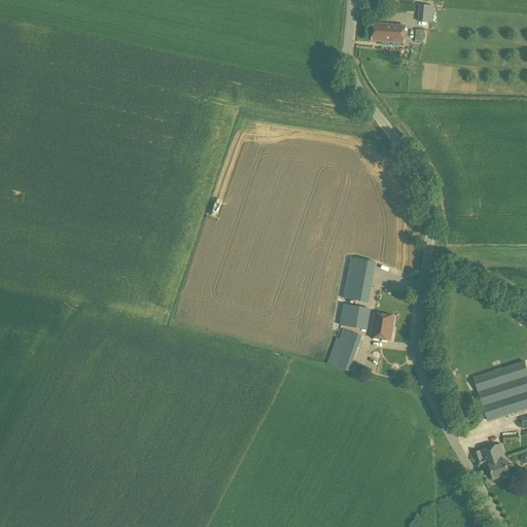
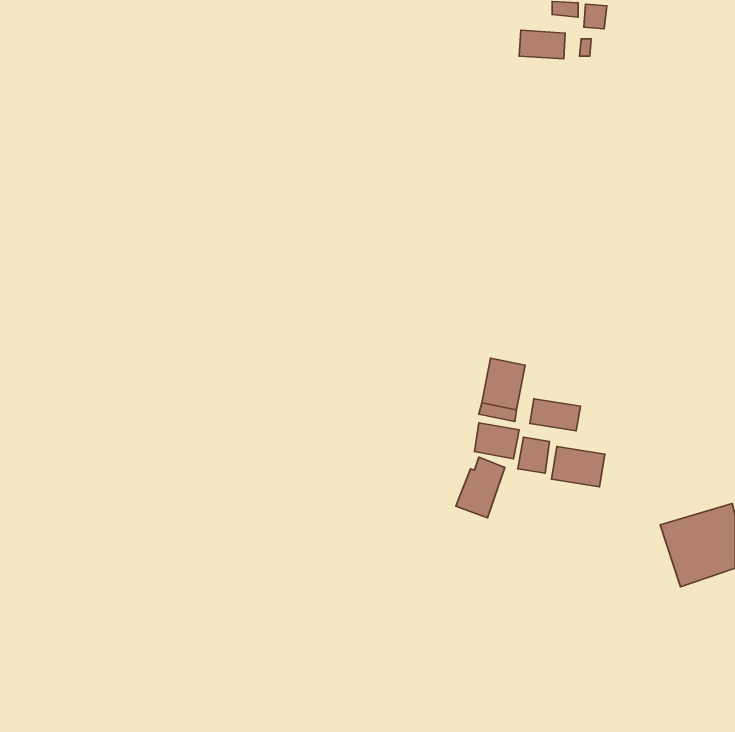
building: none -> [530,399,580,431]
building: none -> [552,446,605,487]
building: [473,443,510,478] -> none

